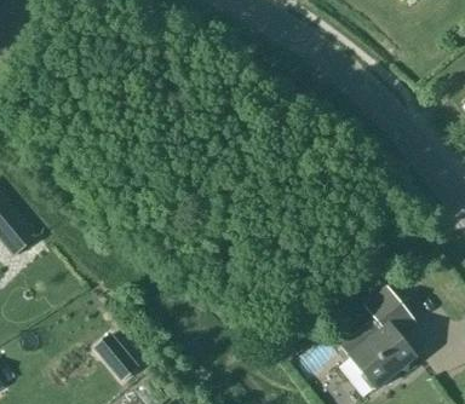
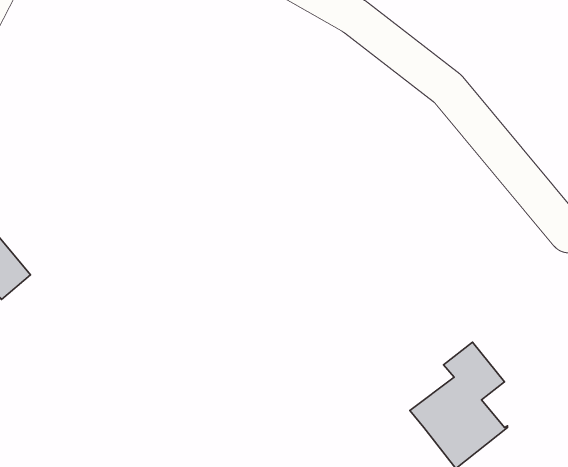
building: [94,334,137,380] -> none

